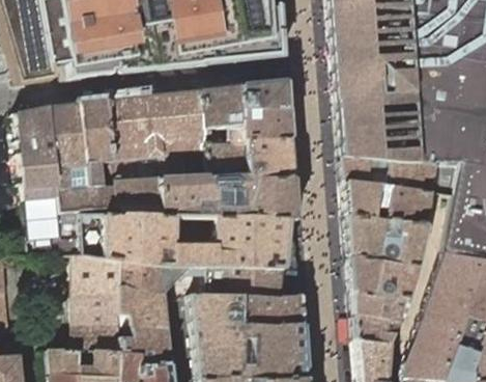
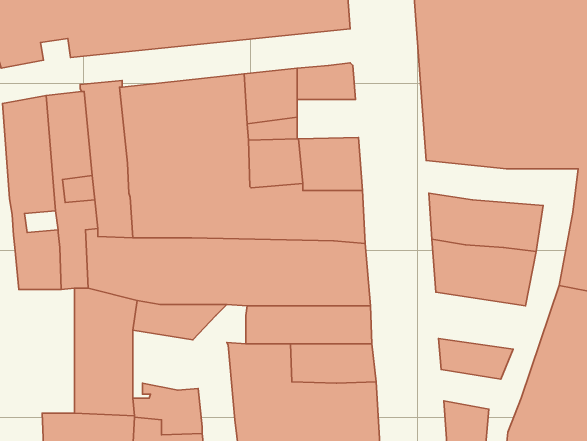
building: [246,108,292,138] -> none
building: [344,155,460,194] -> none
building: [351,255,420,299] -> none
building: [120,284,170,330] -> none
building: [355,315,401,345] -> none

